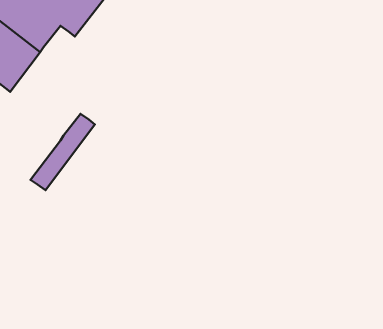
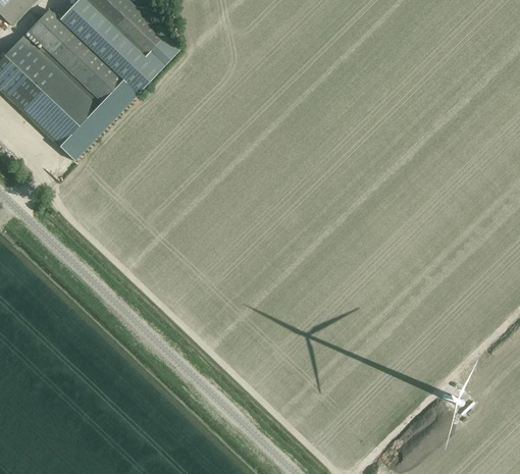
building: [30,114,95,190] -> [58,80,136,159]

